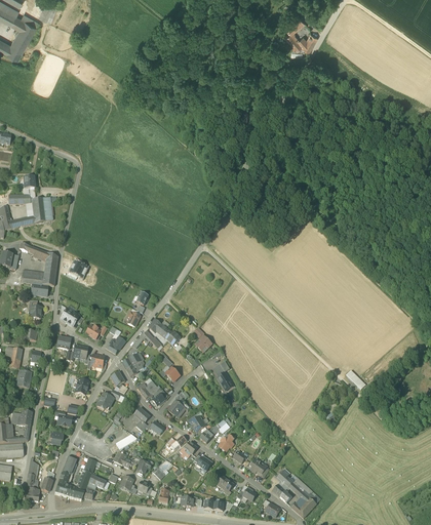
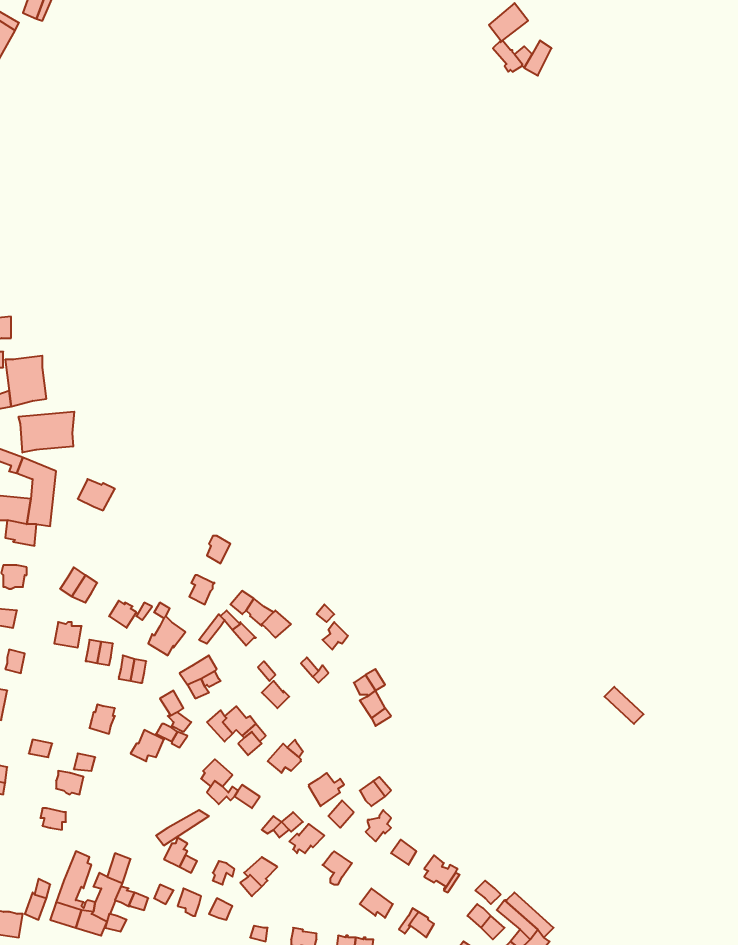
building: none -> [19,412,74,453]

